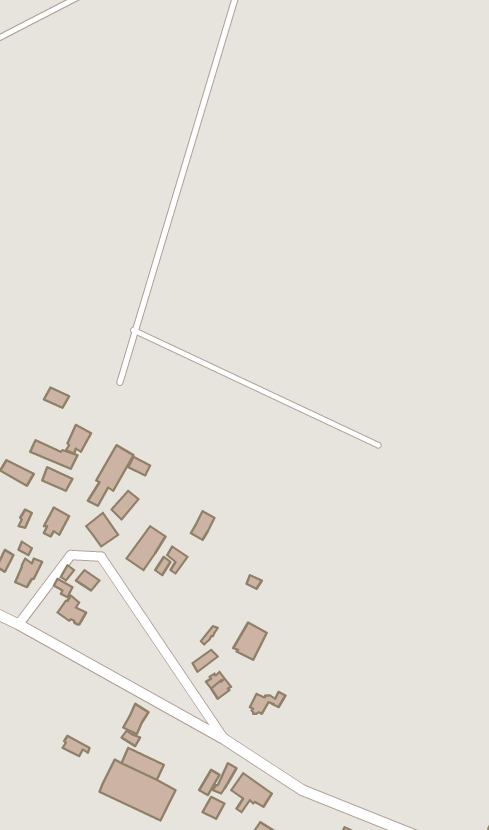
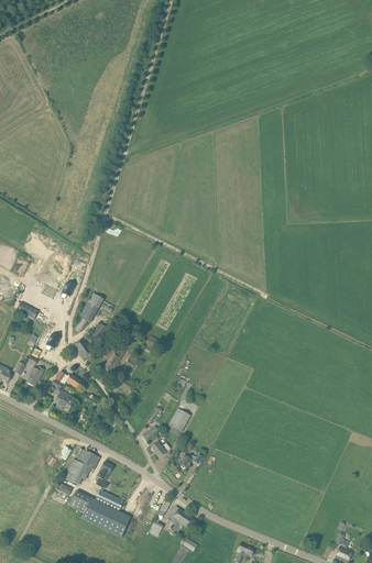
building: none -> [64,449,100,485]

